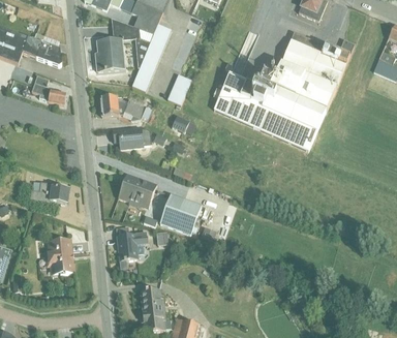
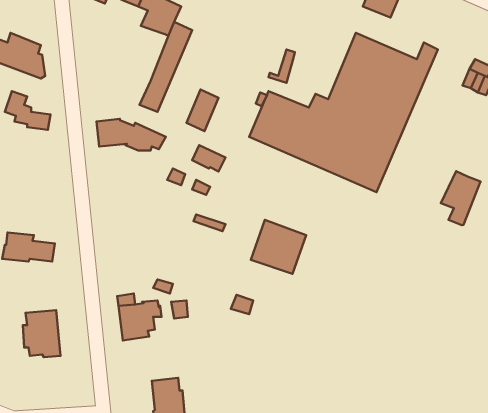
building: [95,18,153,70] -> none
building: [112,127,151,148] -> none
building: none -> [441,171,480,225]
building: [117,173,156,208] -> none
building: [159,193,201,234] -> [251,220,306,274]

